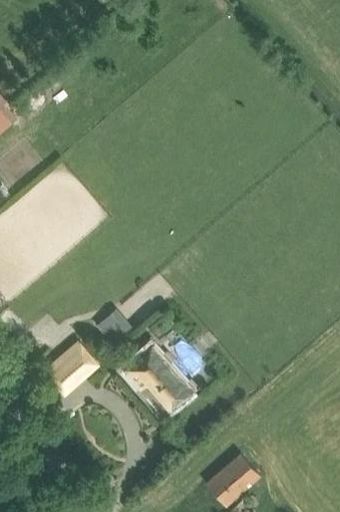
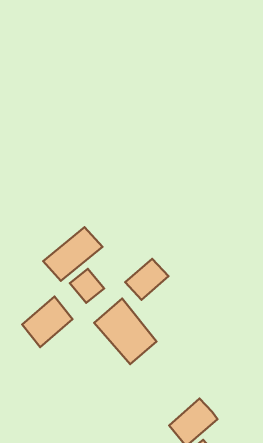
building: none -> [43,227,103,281]
building: none -> [125,259,169,300]

